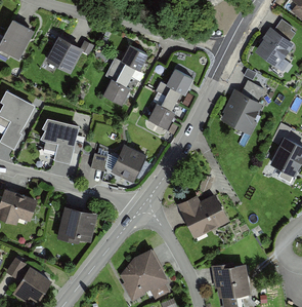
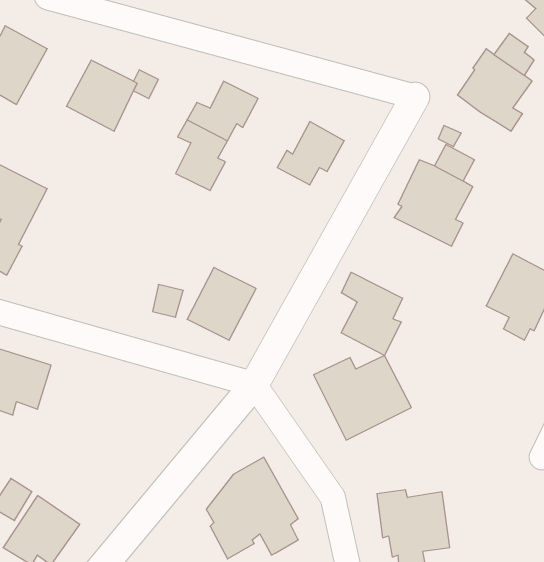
building: [147,92,175,128] -> none
building: [40,120,79,166] -> none
building: none -> [341,272,403,356]
building: [56,204,97,242] -> none

